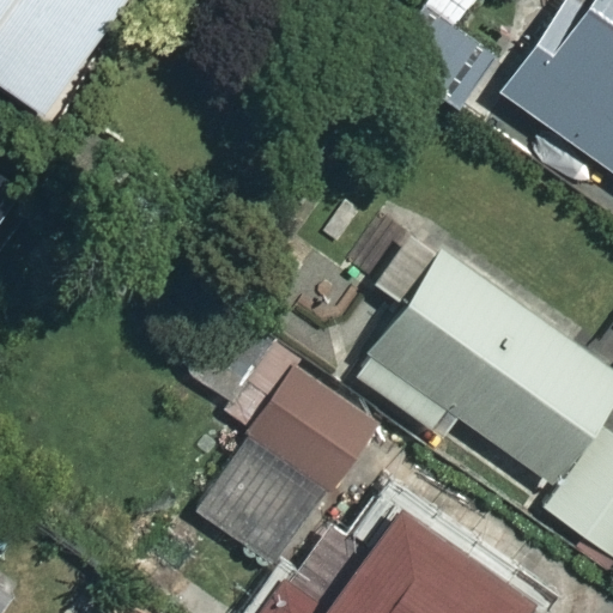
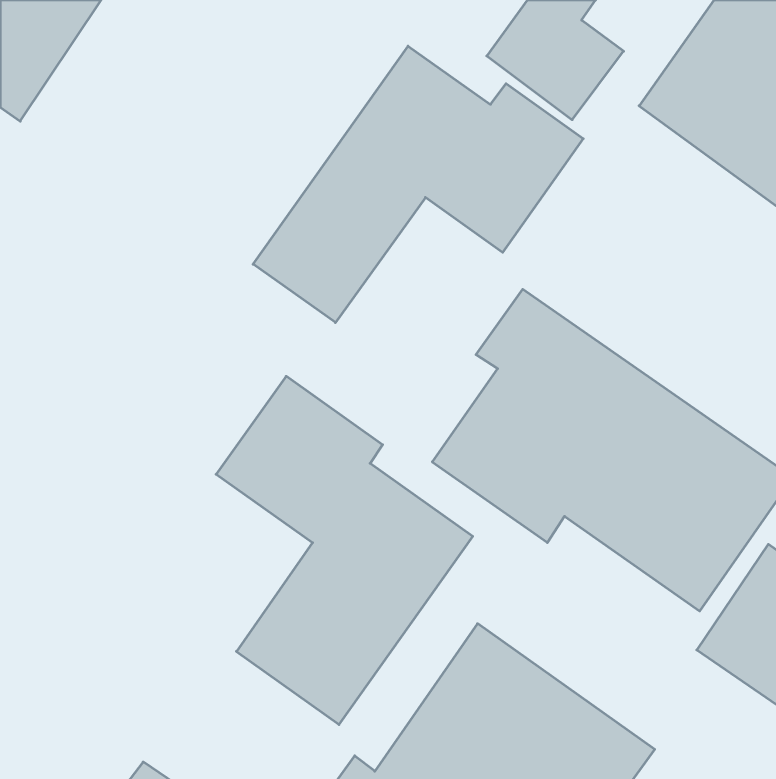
building: none -> [253,46,583,323]

